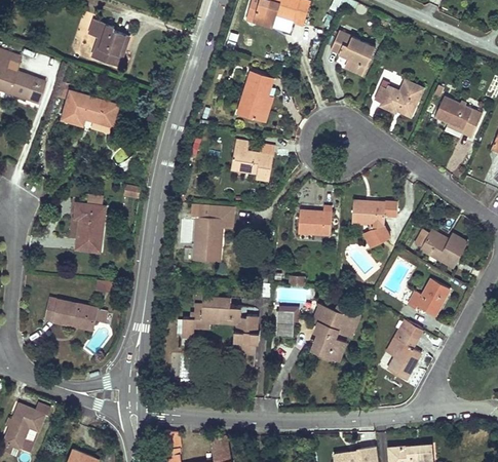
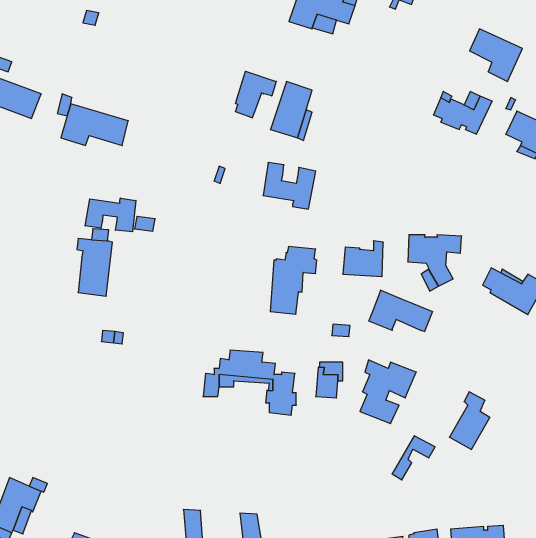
building: [89,21,129,64] -> none
building: [331,31,375,75] -> [470,29,522,82]
building: none -> [236,71,276,118]
building: none -> [85,198,136,232]
building: [194,205,233,262] -> [270,247,317,314]
building: none -> [369,290,433,332]
building: [408,279,450,315] -> none
building: [46,299,107,326] -> none
building: [386,320,422,357] -> [392,436,435,480]

